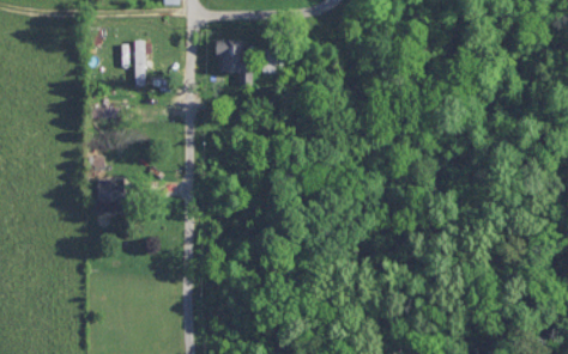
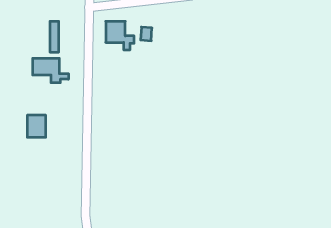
building: none -> [33,58,68,83]

